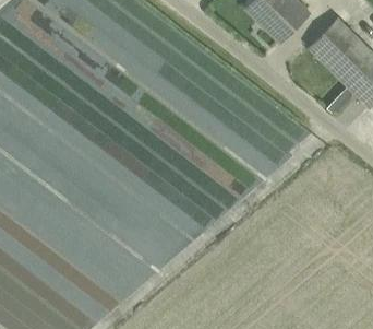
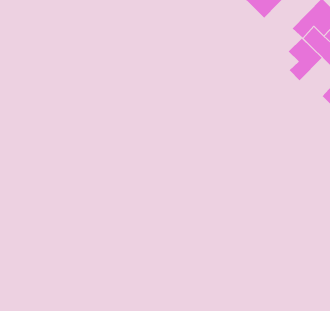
building: none -> [288,38,322,81]

